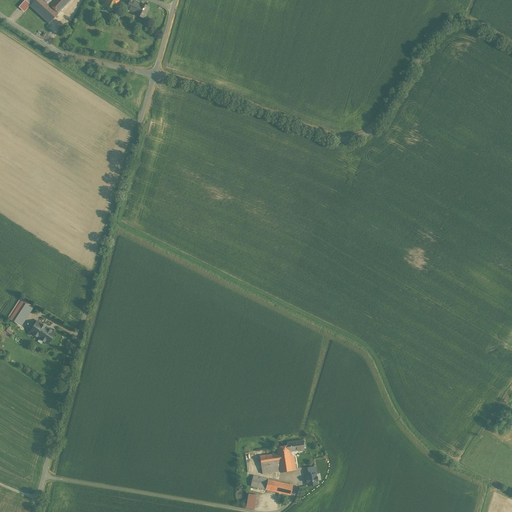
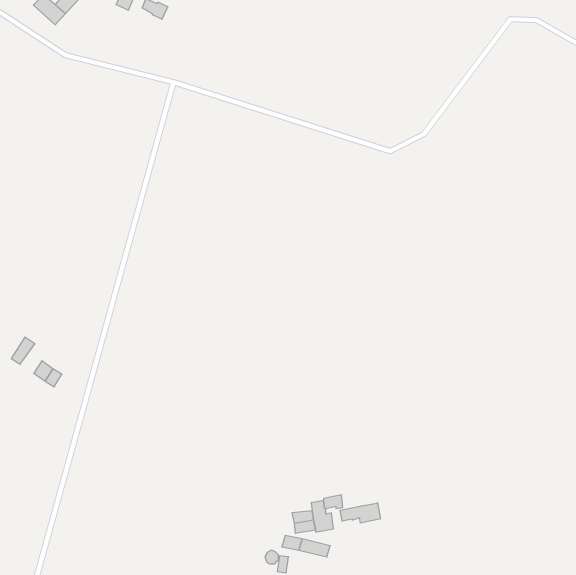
building: none -> [340,503,380,523]

